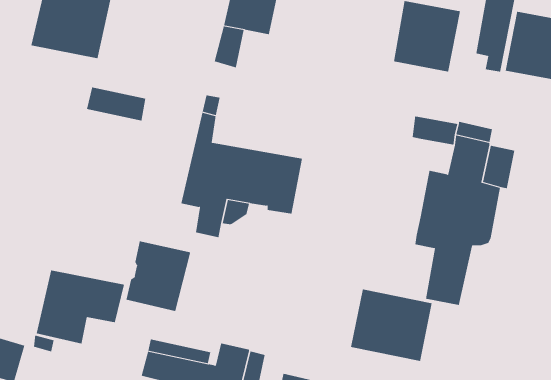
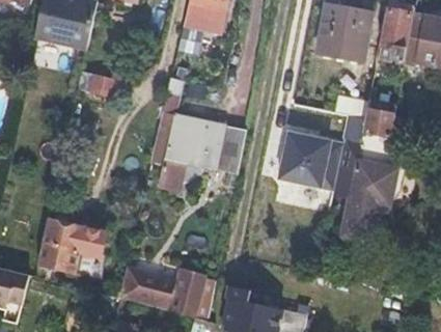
building: [126,241,191,312] -> none
building: [350,289,433,362] -> [279,131,343,188]

